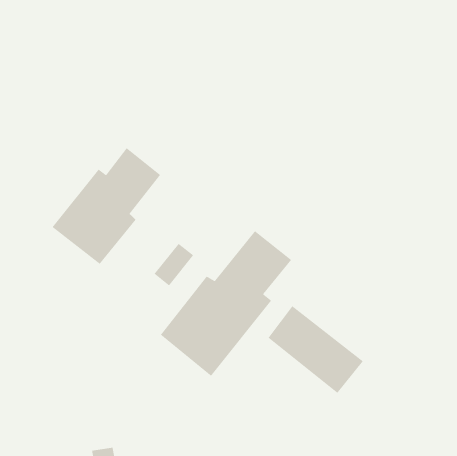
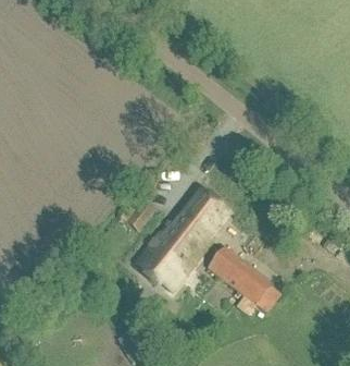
building: [52,147,161,265] -> none

